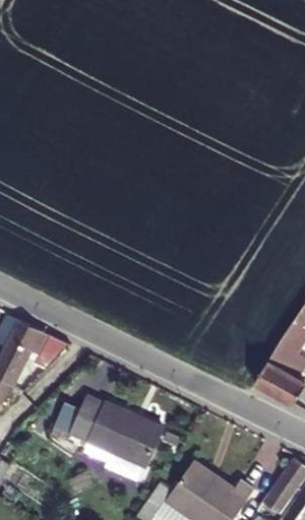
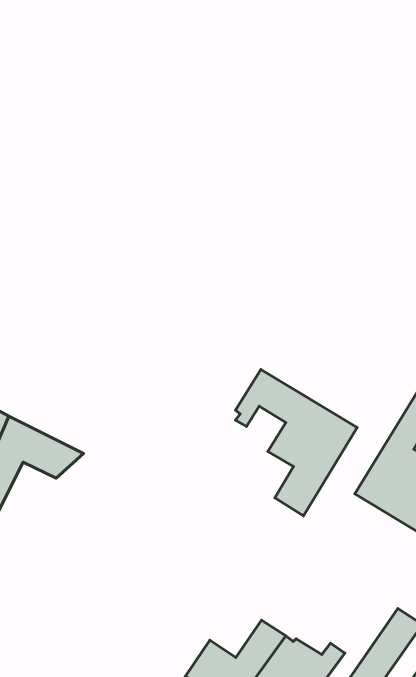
building: none -> [235,369,357,516]
building: [55,399,161,466] -> none

